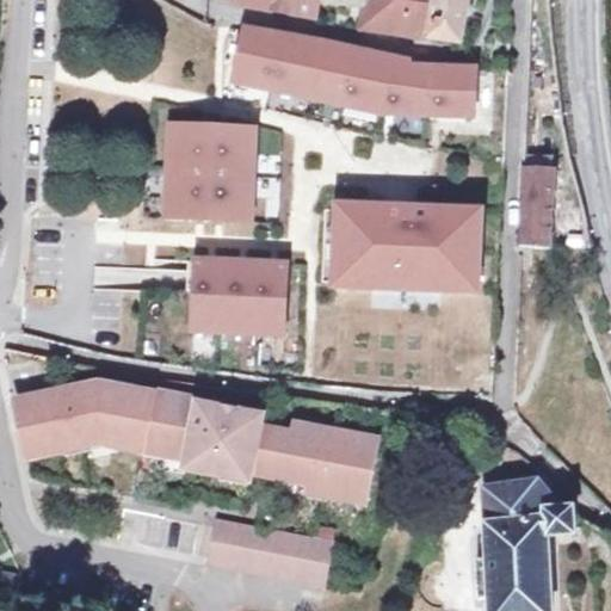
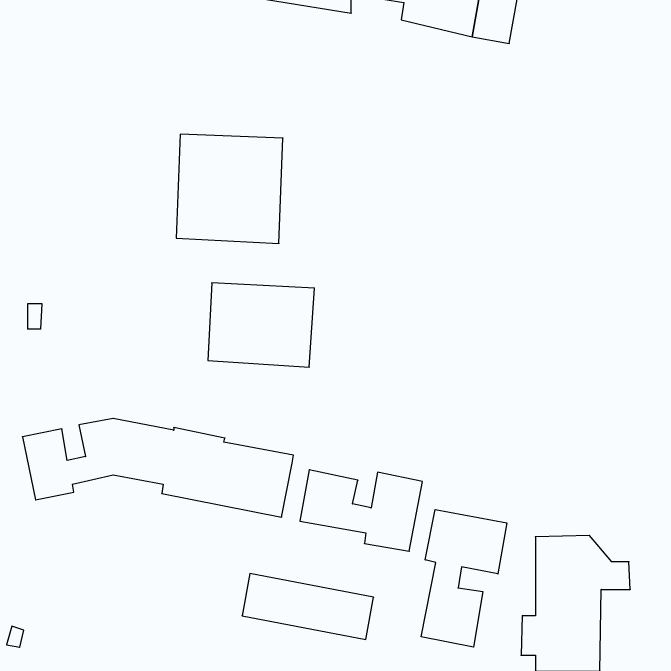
building: [228,21,476,118] -> none
building: [519,162,550,245] -> none
building: [327,197,486,292] -> none
building: none -> [421,510,507,647]

